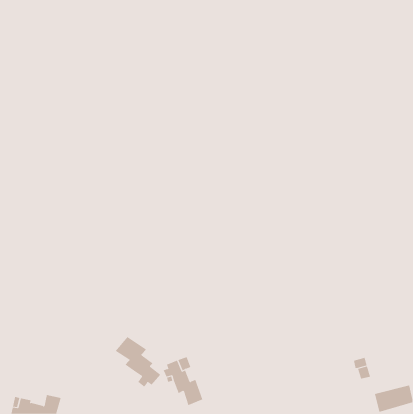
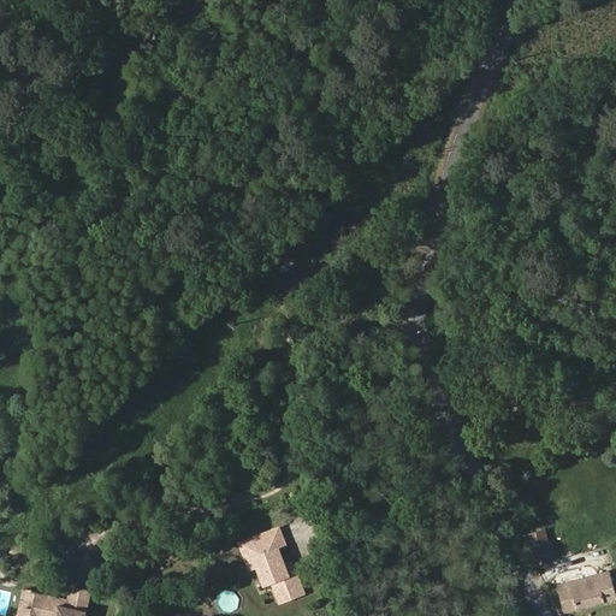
building: [115,336,161,388] -> none

